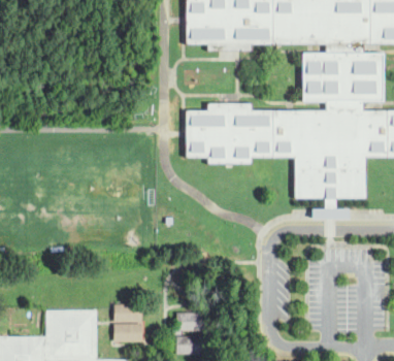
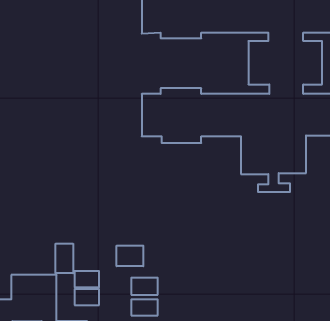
building: none -> [56,244,73,273]
building: none -> [117,246,143,266]

